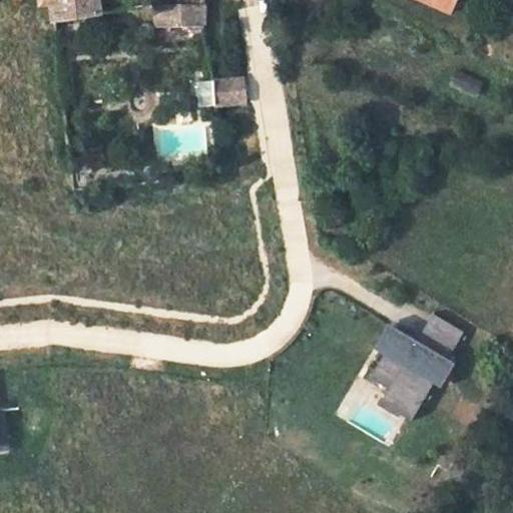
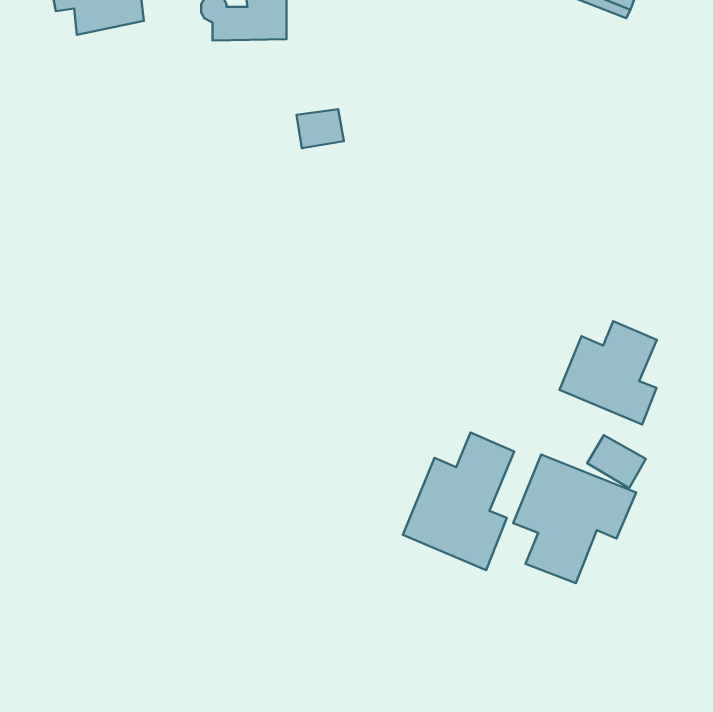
building: none -> [560,321,657,425]
building: none -> [403,433,514,570]

